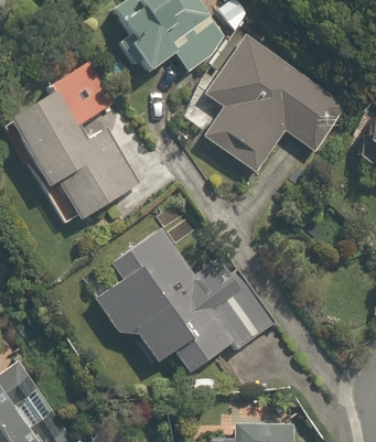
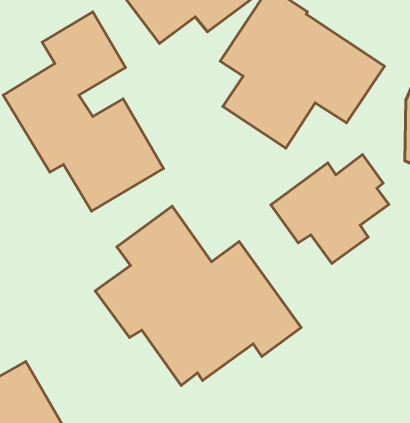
building: none -> [271,154,389,263]

